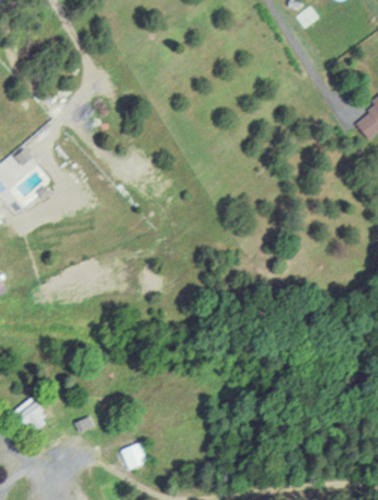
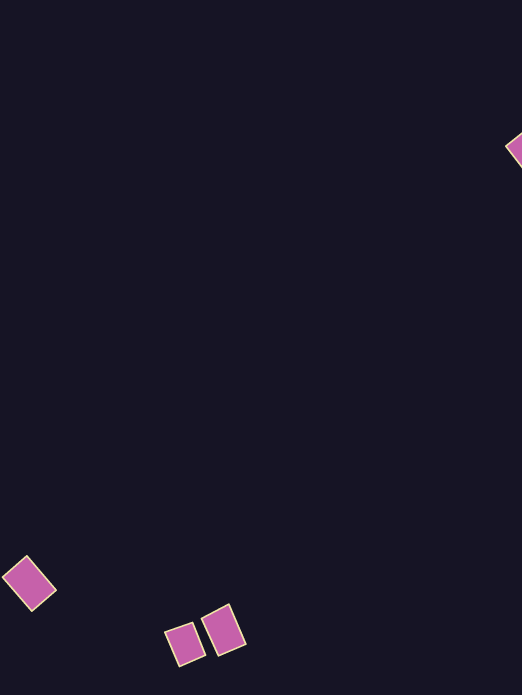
building: none -> [202,604,246,656]

